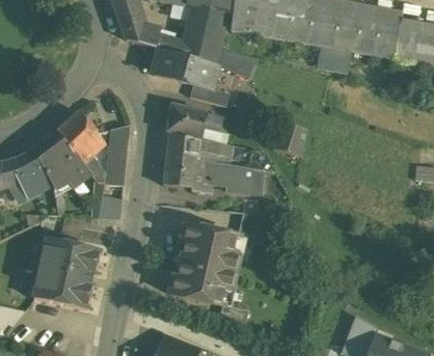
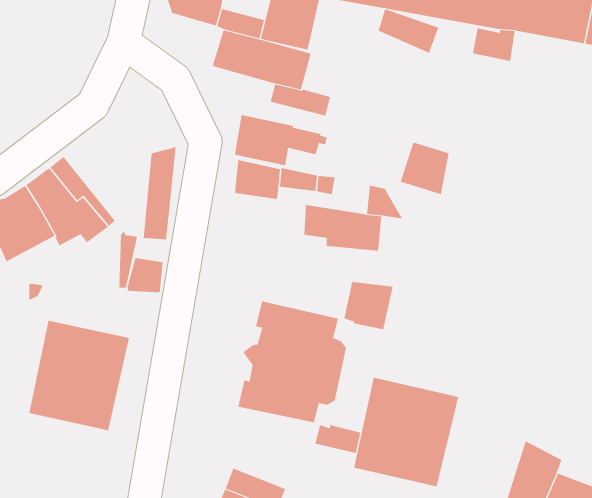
building: [214,48,253,77] -> [378,8,439,53]
building: [56,110,101,159] -> none
building: [163,155,212,192] -> none
building: none -> [353,377,459,487]

